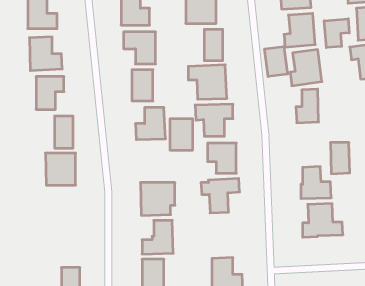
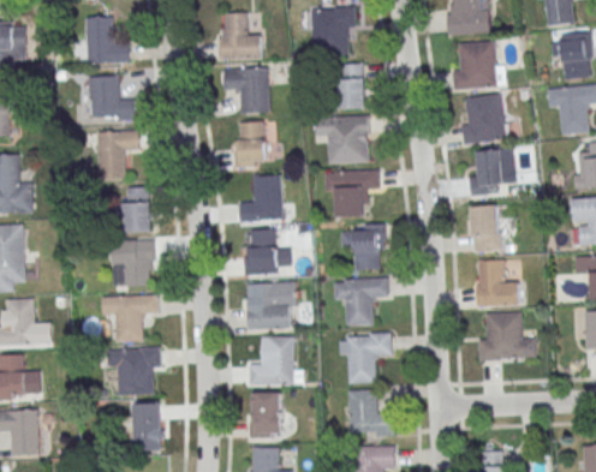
building: [324,19,349,48] -> none
building: [265,46,288,77] -> none
building: [170,119,193,150] -> [244,229,276,274]
building: [330,143,350,174] -> [471,205,499,250]
building: none -> [102,295,159,341]
building: none -> [339,331,392,383]
building: none -> [108,349,161,395]

